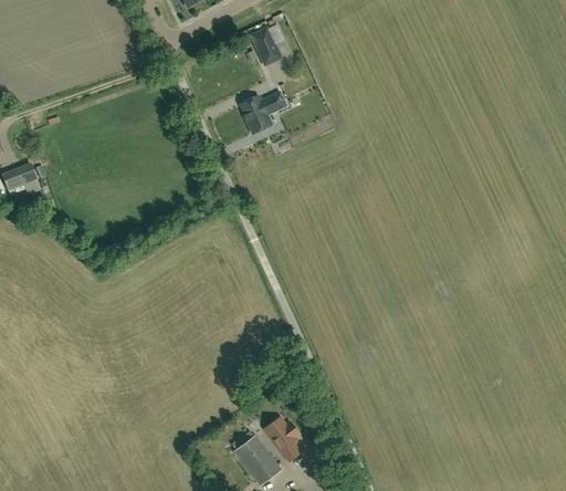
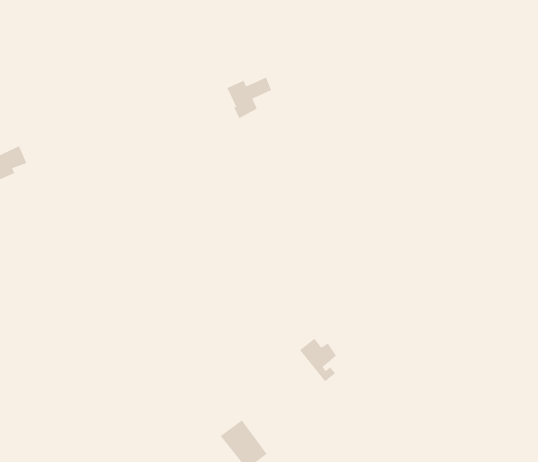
building: [251,25,283,64] -> none
building: [263,416,301,460] -> [299,338,337,382]

